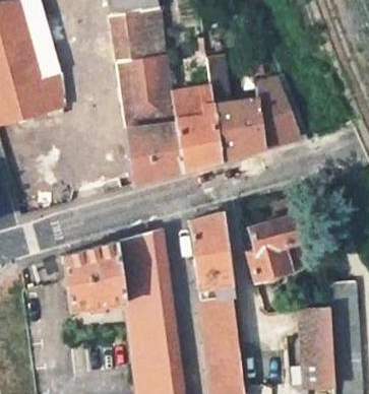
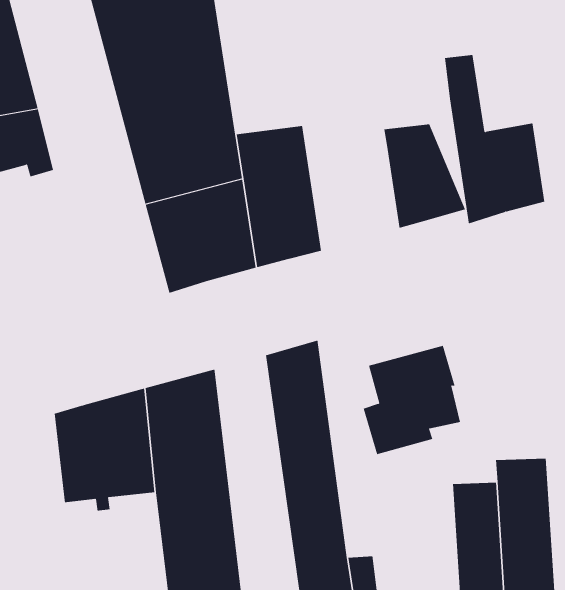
building: [208,59,268,159] -> [444,54,545,224]

